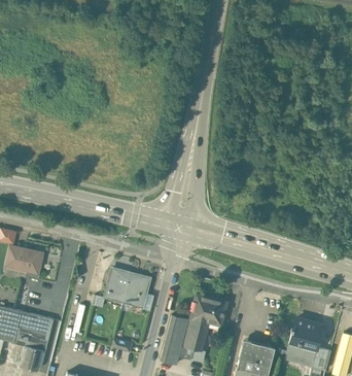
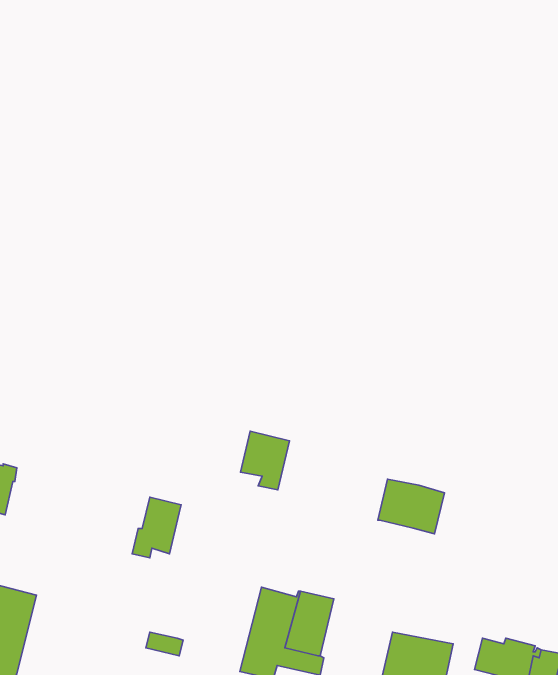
building: [124,276,149,307] -> [241,431,289,490]
building: [191,296,226,324] -> [378,479,444,534]
building: [288,318,322,349] -> none

